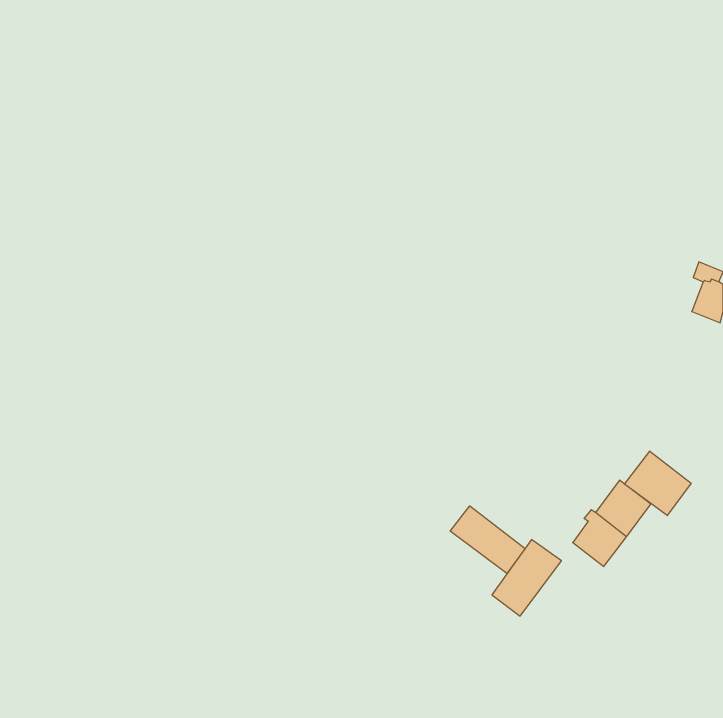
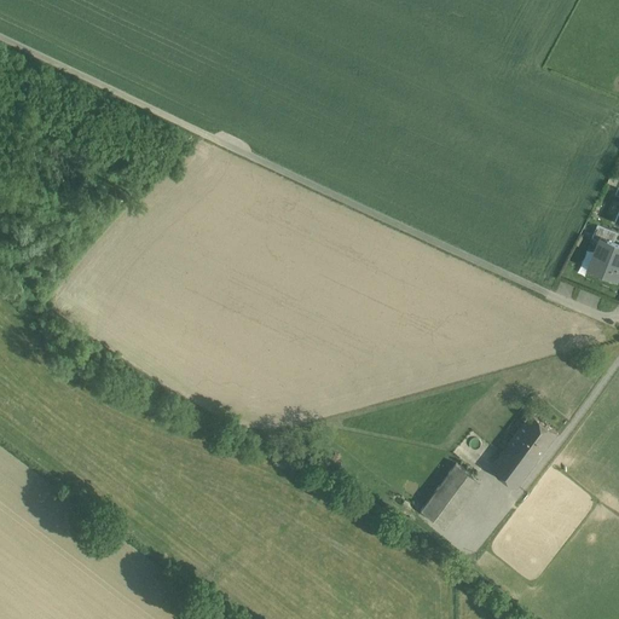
building: [625,451,691,516] -> none
building: [450,506,525,573] -> none

